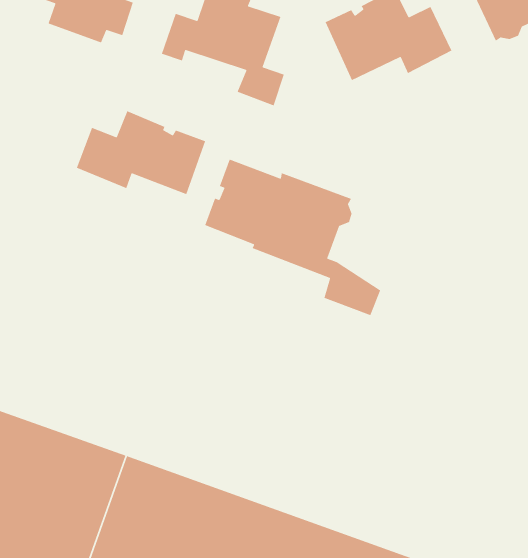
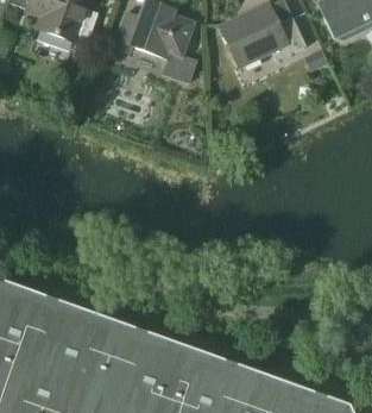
building: [76,110,206,195] -> none
building: [204,159,381,316] -> none

